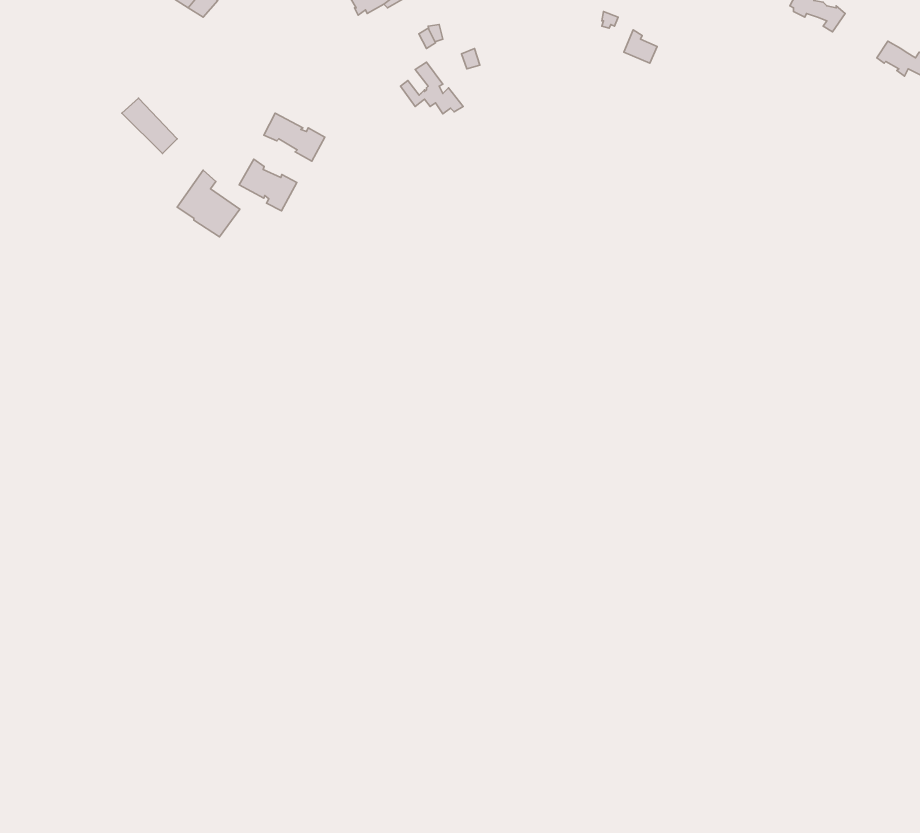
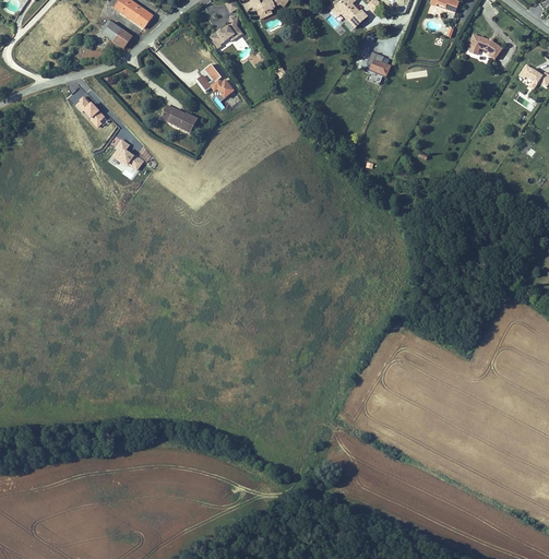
building: [401,62,463,114] -> [196,66,234,96]
building: [239,159,297,211] -> none

